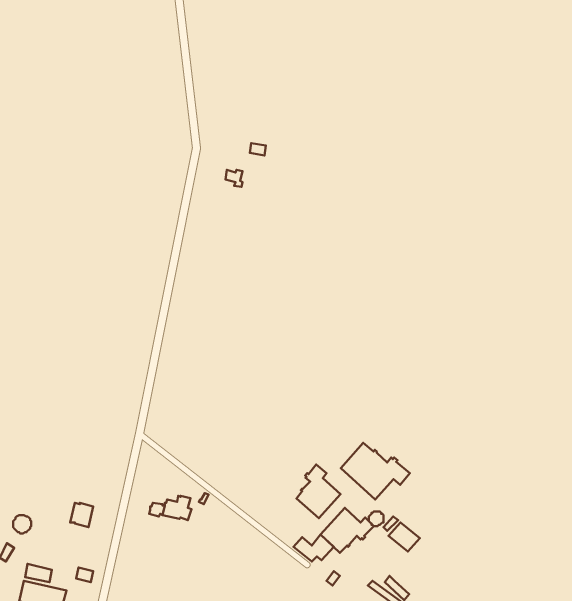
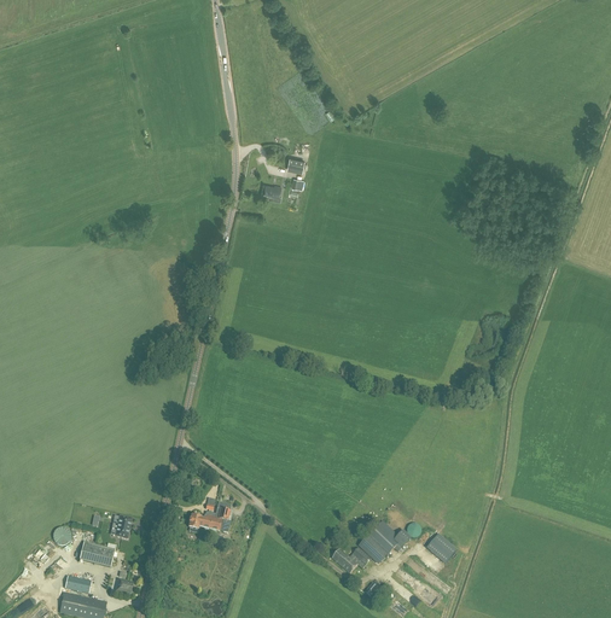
building: [341,443,410,500] -> none
building: [296,465,341,518] -> none
building: none -> [78,541,115,566]

